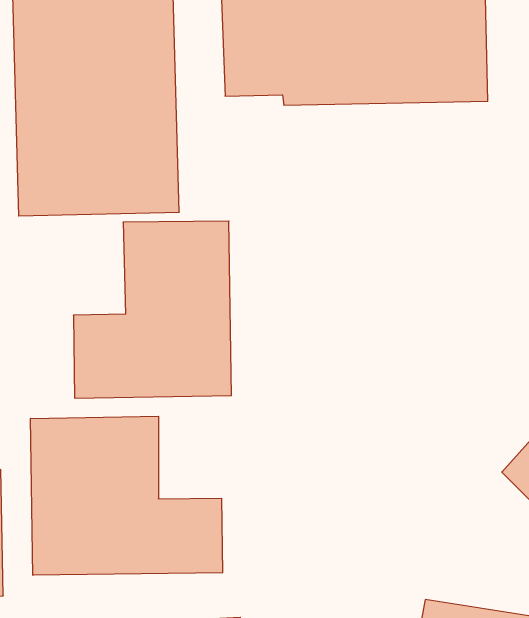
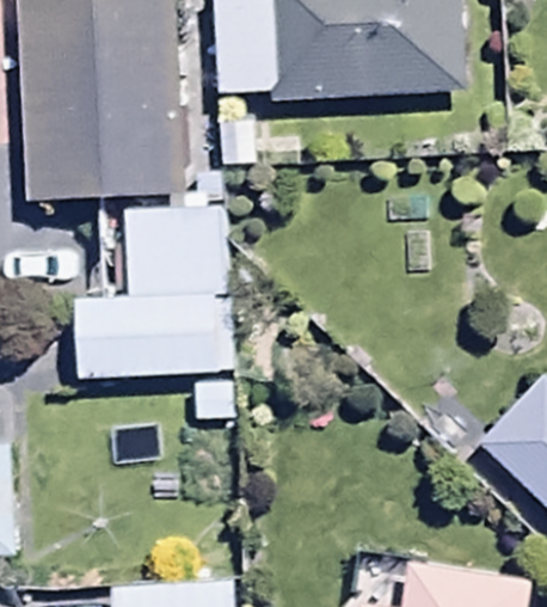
building: [31,416,223,575] -> none

